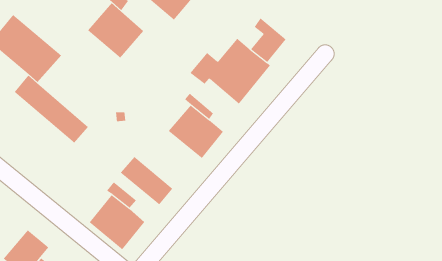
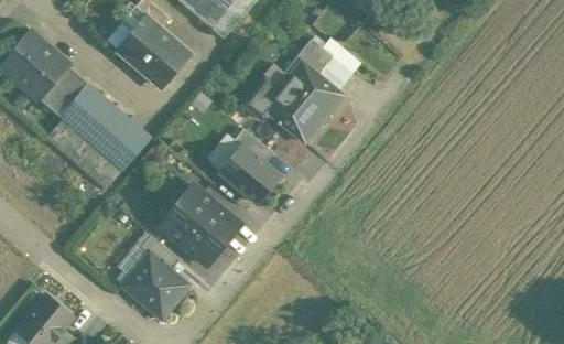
building: none -> [294,36,332,74]
building: none -> [57,82,150,170]
building: none -> [175,183,239,244]

